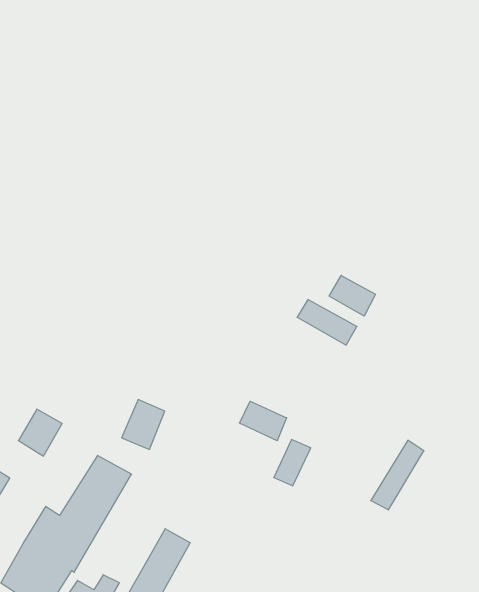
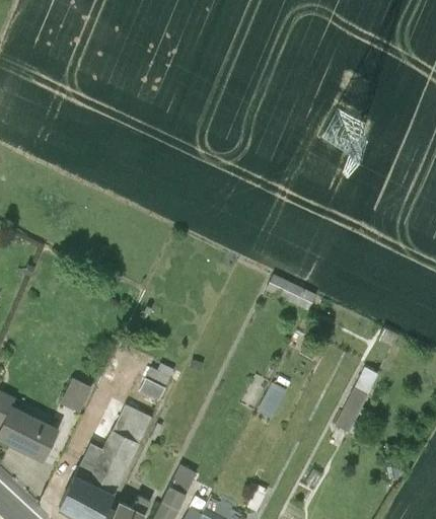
building: [329,275,375,316] -> none
building: [240,401,287,441] -> none

